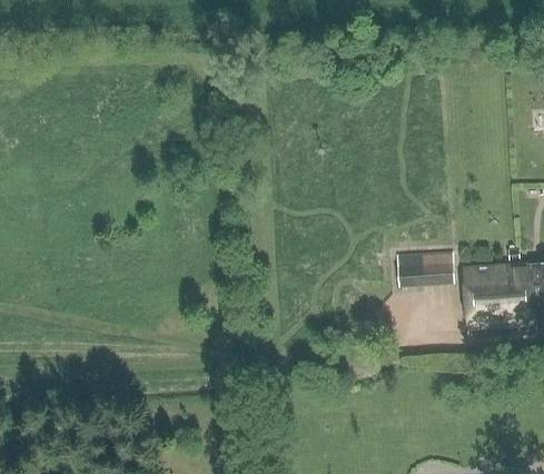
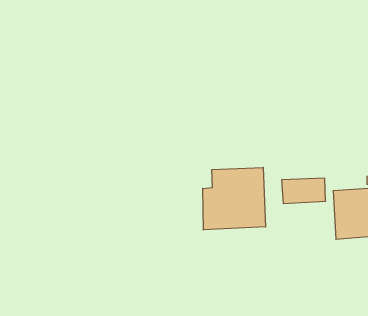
building: none -> [203,167,266,230]

